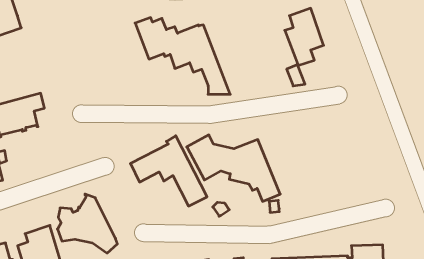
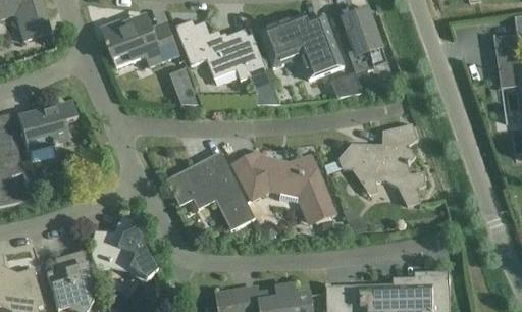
building: none -> [258,13,343,80]
building: none -> [101,21,177,66]
building: none -> [168,67,201,105]
building: none -> [337,124,425,205]

